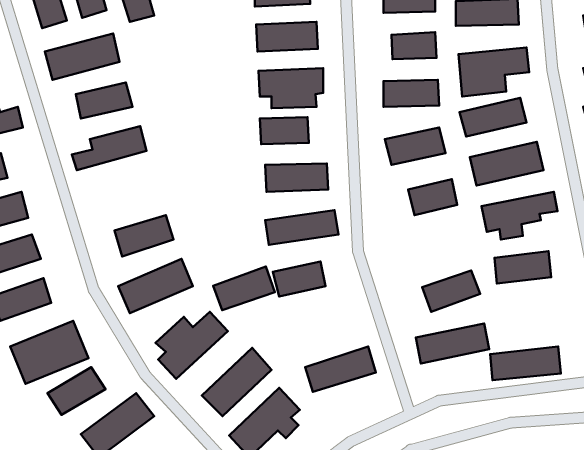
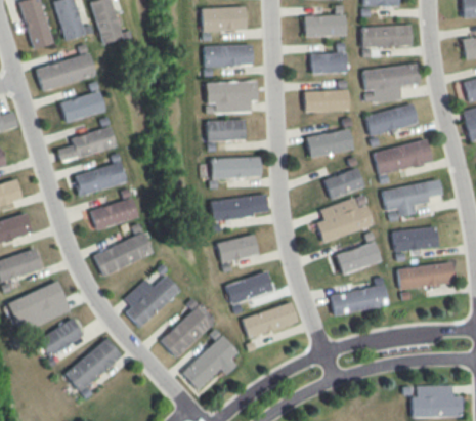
building: none -> [74,162,127,196]
building: none -> [316,195,374,242]
building: [213,266,275,310] -> [225,270,274,305]
building: [490,347,561,380] -> [398,262,455,289]

